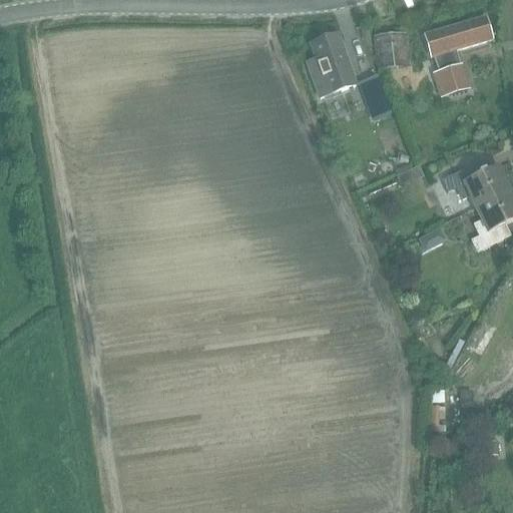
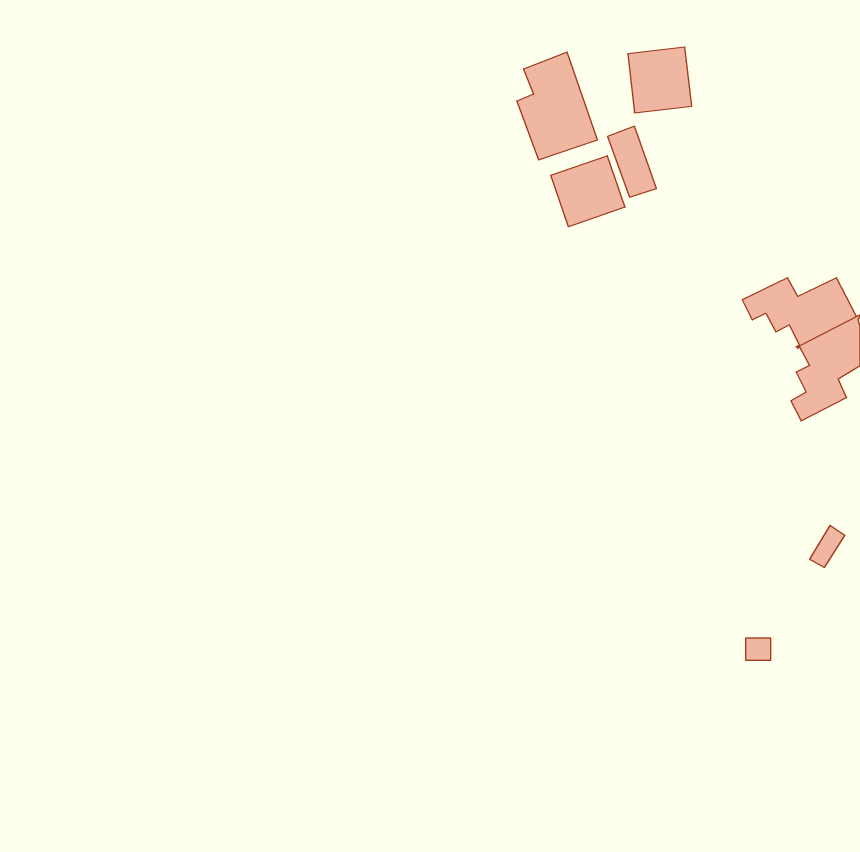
building: [425,14,493,92] -> none
building: none -> [551,156,625,227]

